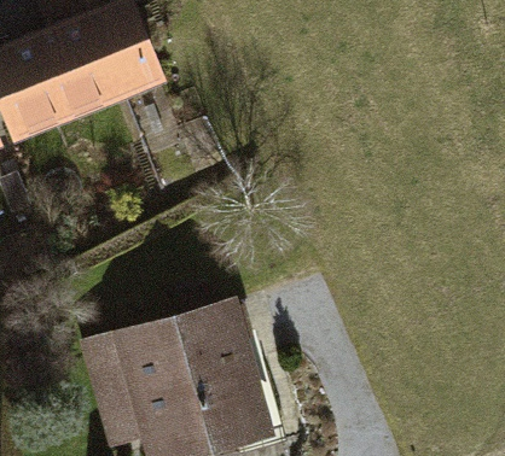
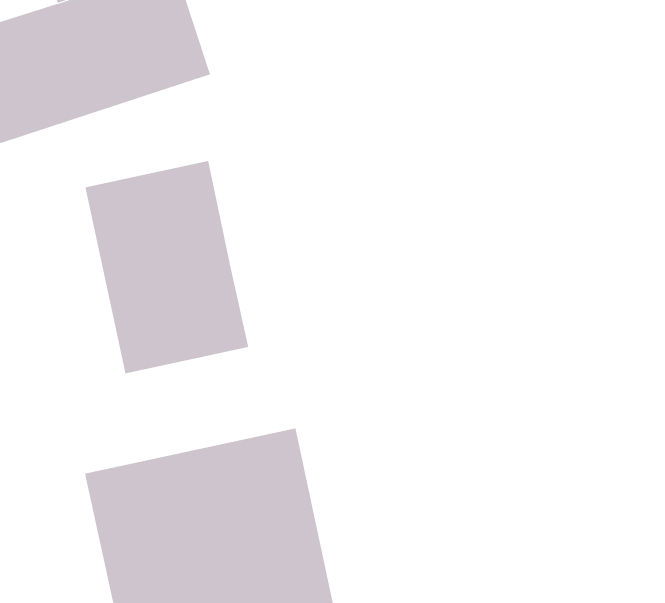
building: none -> [85,160,249,374]

